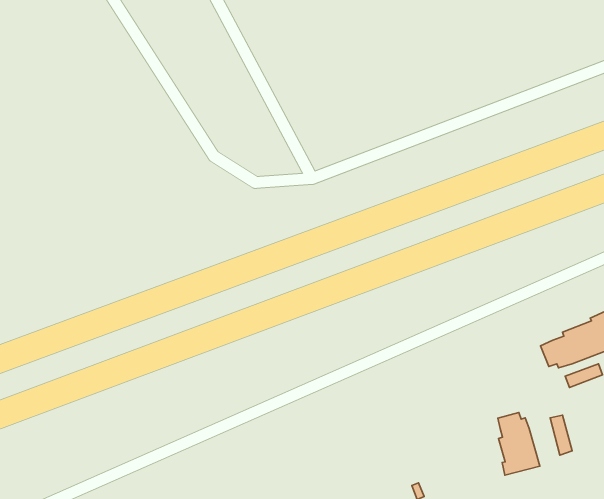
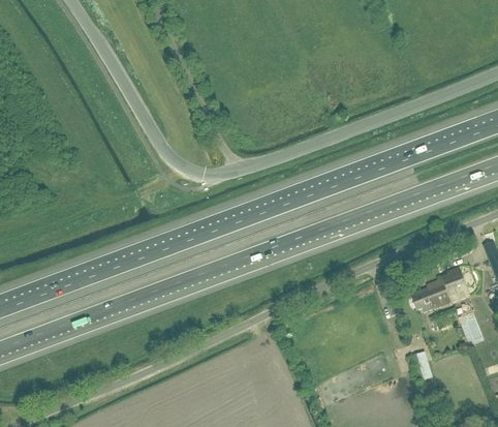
building: [498,413,540,475] -> none

